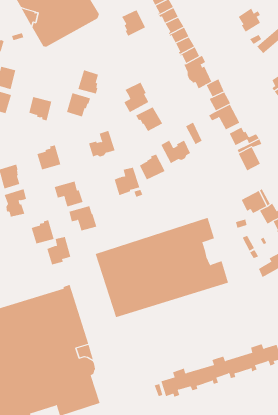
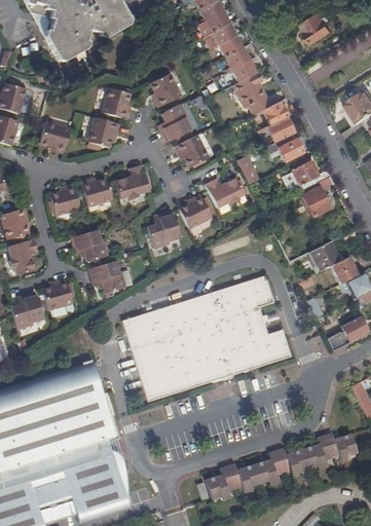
building: [121,10,146,37] -> [149,75,180,109]
building: none -> [81,179,113,206]
building: [46,236,71,265] -> [13,292,44,328]

